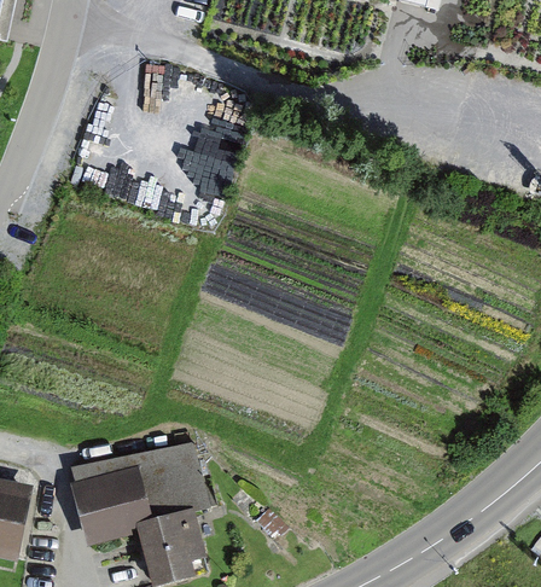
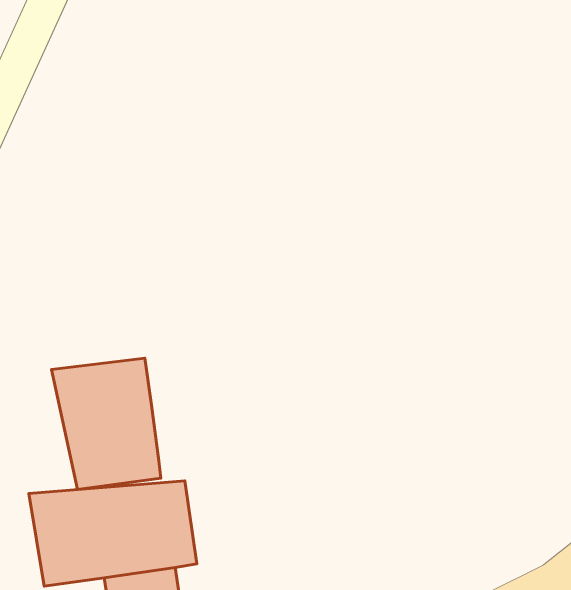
building: none -> [52,358,161,490]

